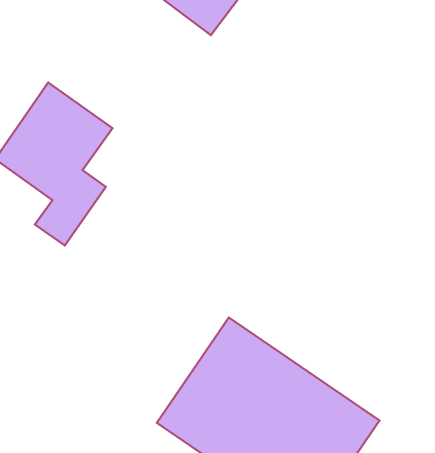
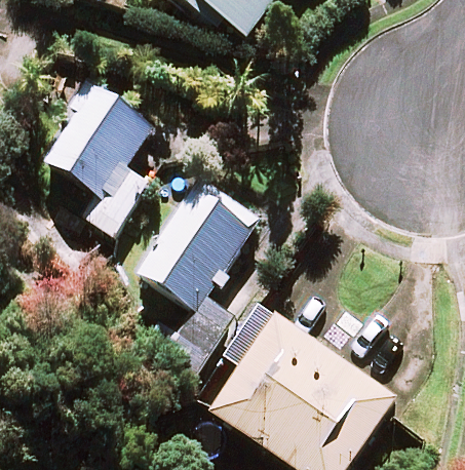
building: none -> [138,177,259,369]

